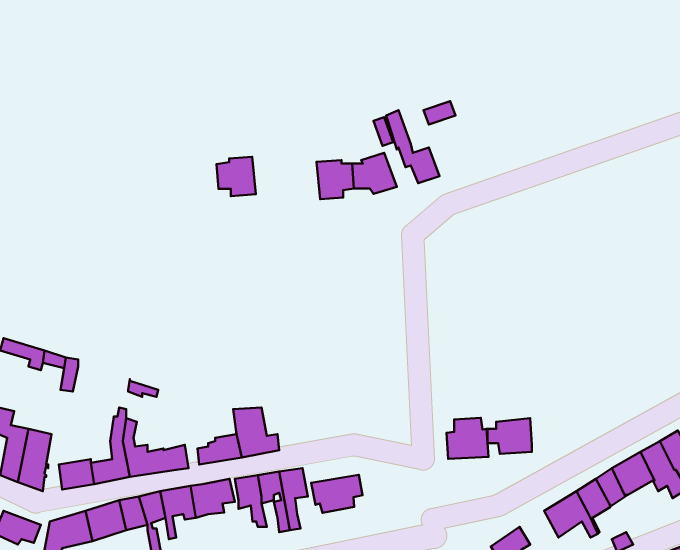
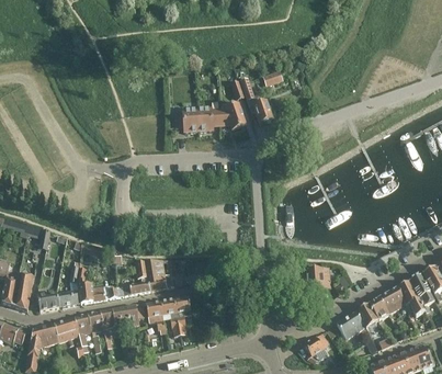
building: [217,157,256,196] -> [174,109,199,133]
building: [446,418,488,459] -> none
building: [311,475,363,513] -> none

